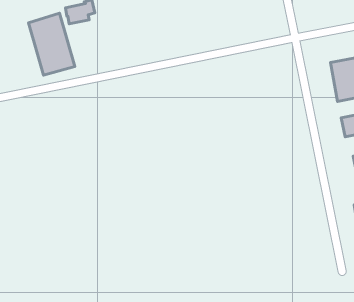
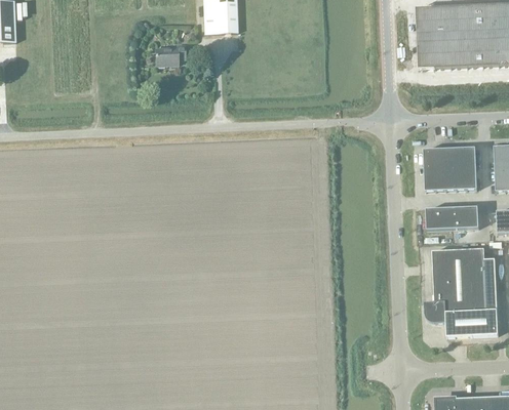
building: [28,13,75,75] -> none

